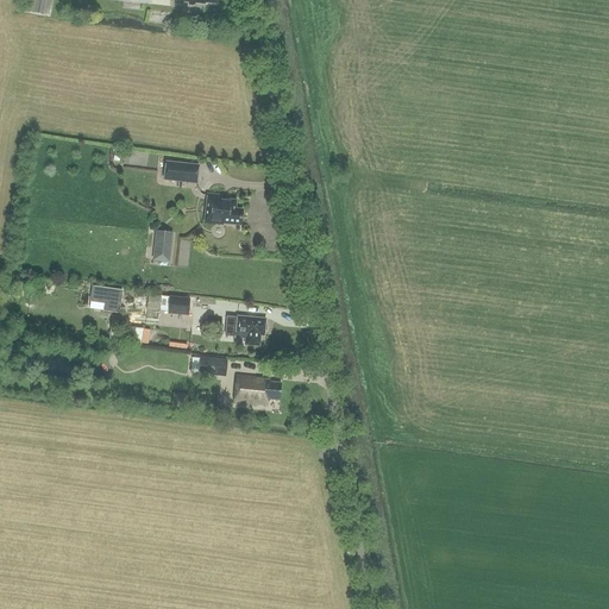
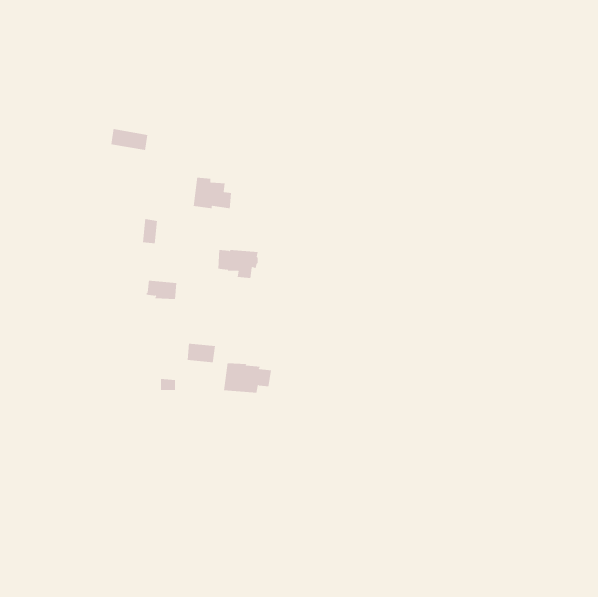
building: [163,159,199,182] -> none
building: [92,284,123,309] -> none
building: [226,315,266,344] -> [217,249,259,279]

